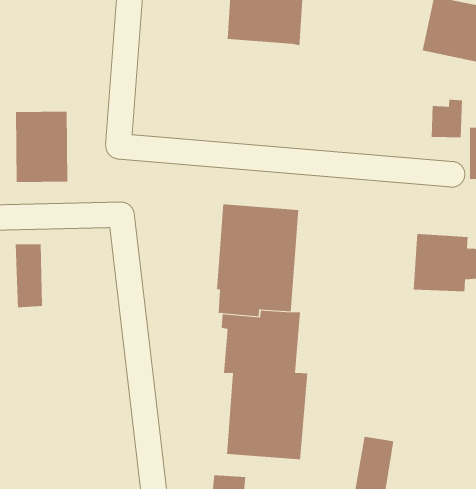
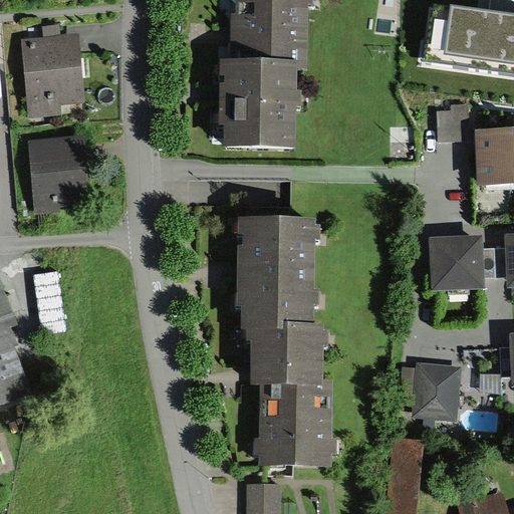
building: none -> [22,35,81,115]
building: none -> [218,57,297,144]
building: none -> [400,362,460,420]

